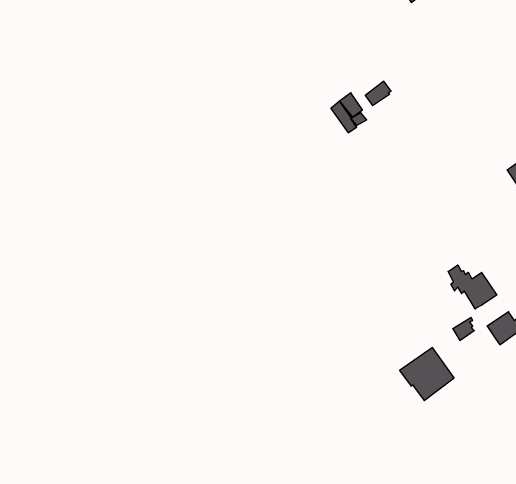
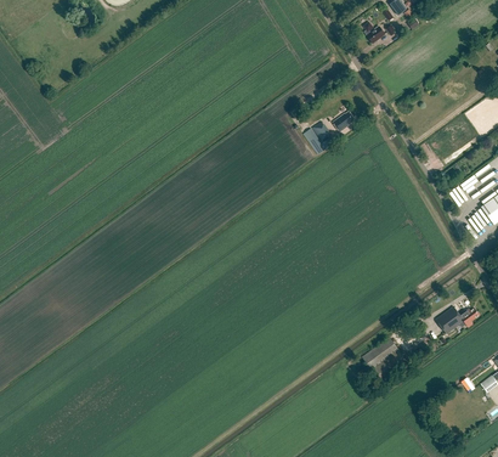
building: [448,265,497,309] -> none

